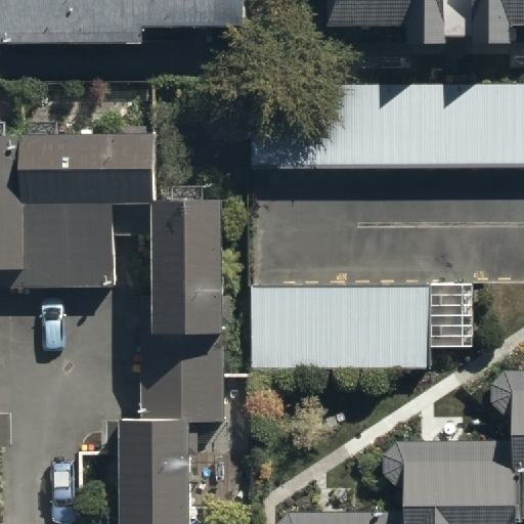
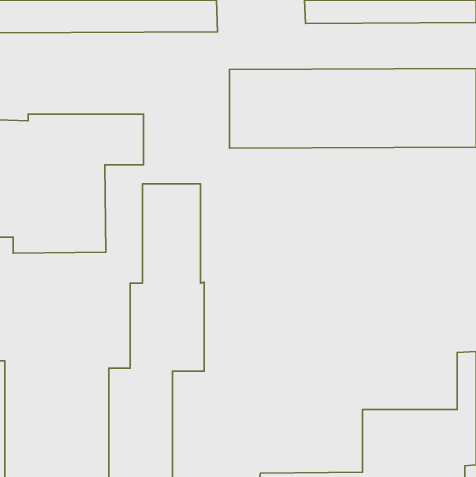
building: [251,286,436,373] -> none

